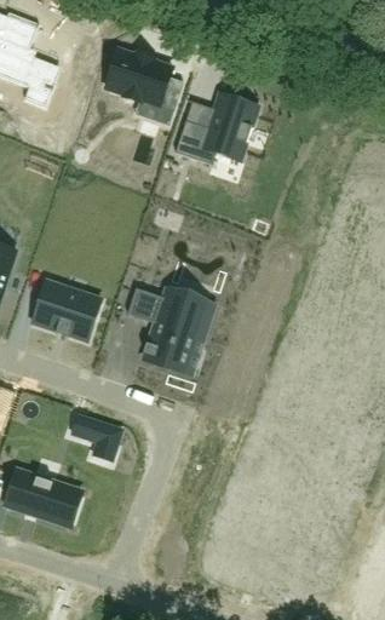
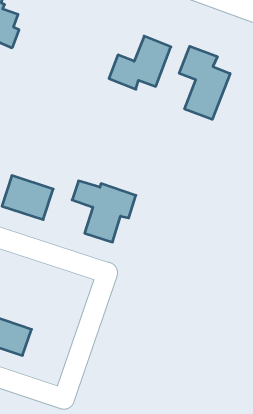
building: [104,50,183,109] -> none
building: none -> [179,46,230,119]
building: [79,418,121,460] -> none

